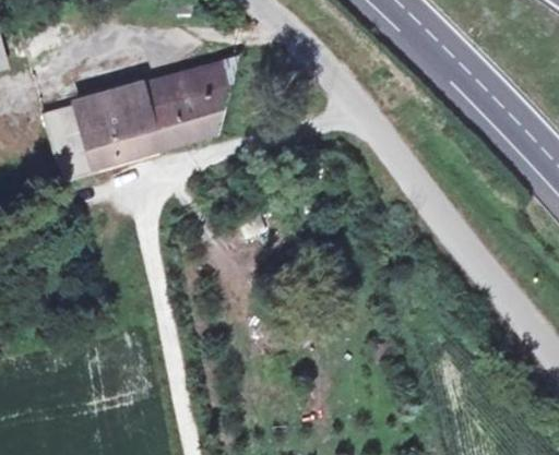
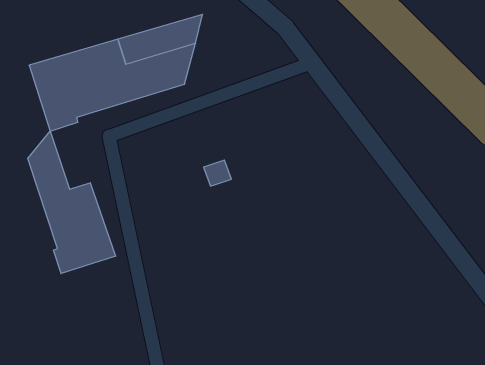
building: none -> [28,131,116,274]

